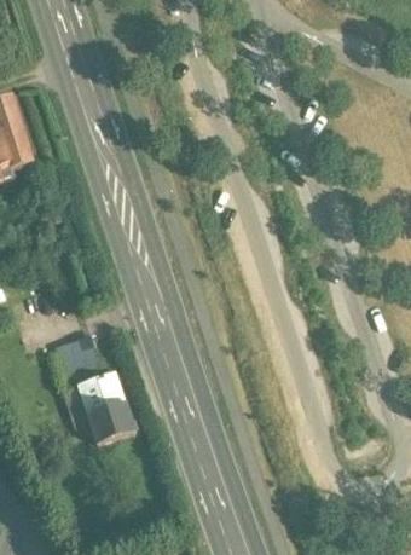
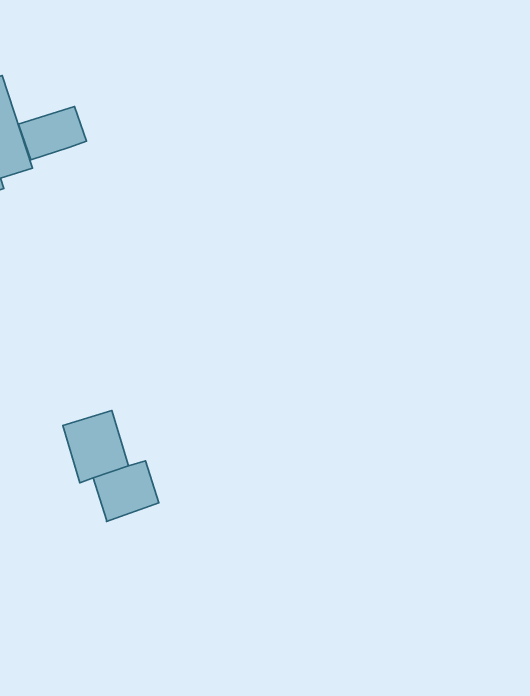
building: none -> [18,107,86,160]
building: [87,401,135,445] -> none

